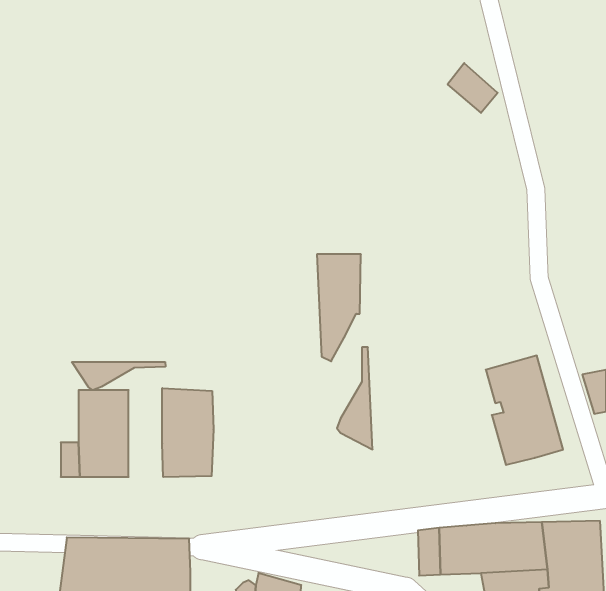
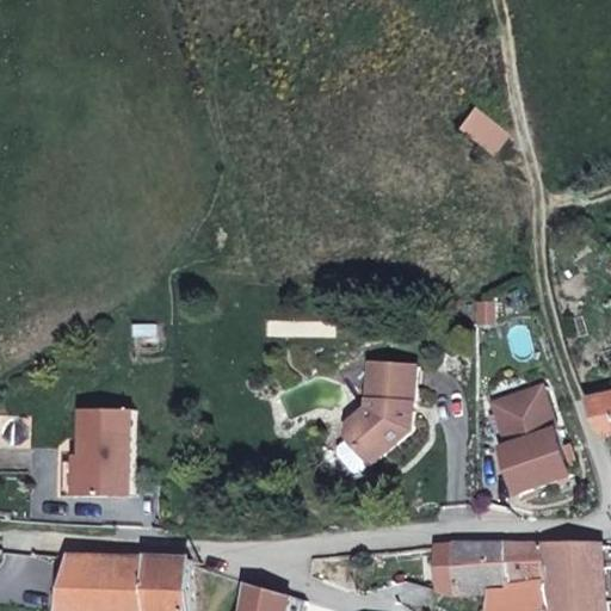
building: [317,254,361,361] -> [369,365,413,473]
building: [72,362,165,390] -> none
building: [162,388,213,477] -> none

